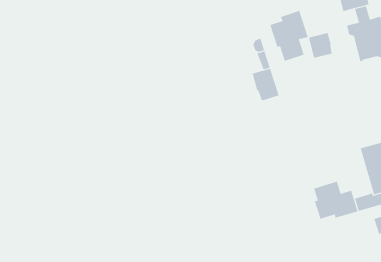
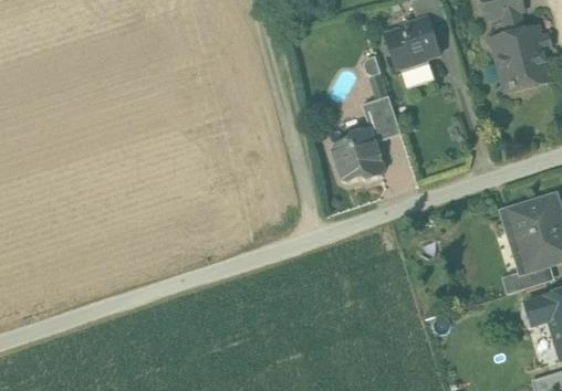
building: [309,32,332,58] -> none
building: none -> [331,127,384,181]
building: [314,181,358,219] -> none

